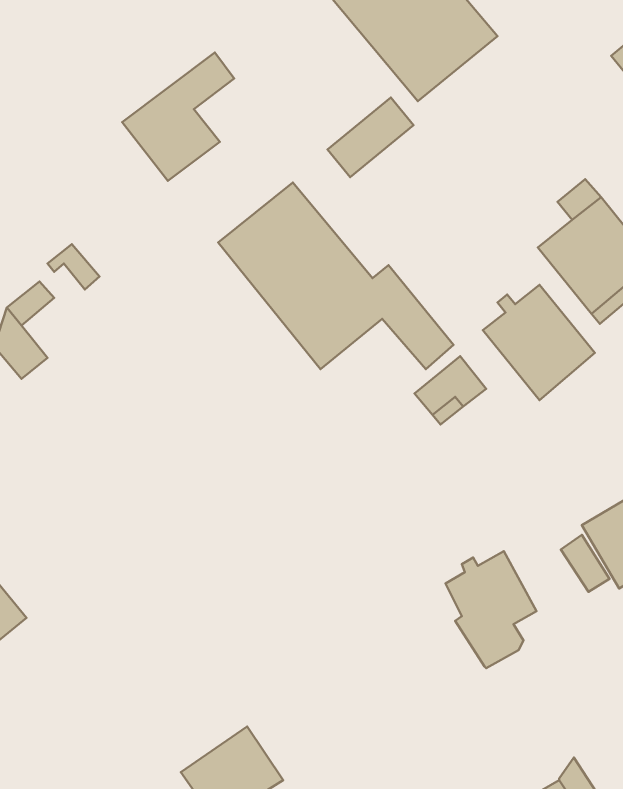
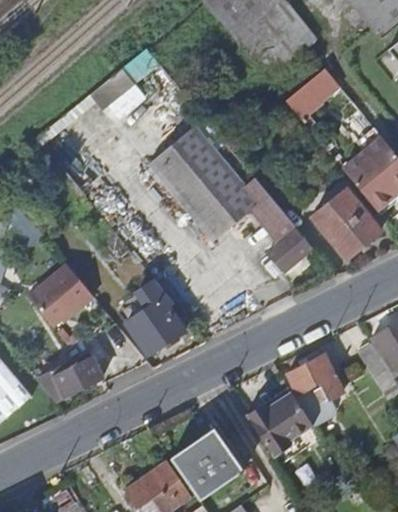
building: [327,98,413,177] -> [288,66,341,115]
building: none -> [27,263,93,326]
building: none -> [127,280,183,354]
building: none -> [32,356,101,401]
building: none -> [246,391,312,456]
building: none -> [167,425,240,495]

